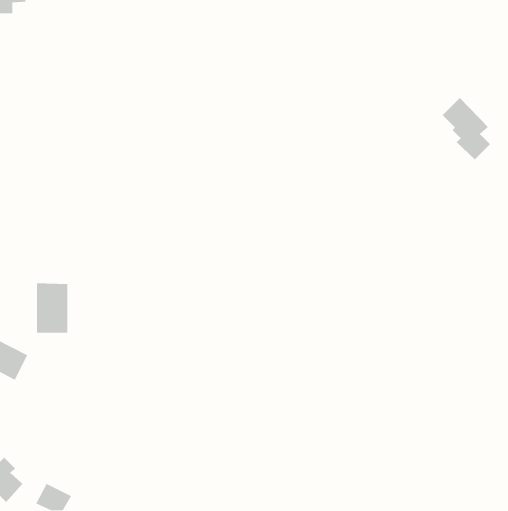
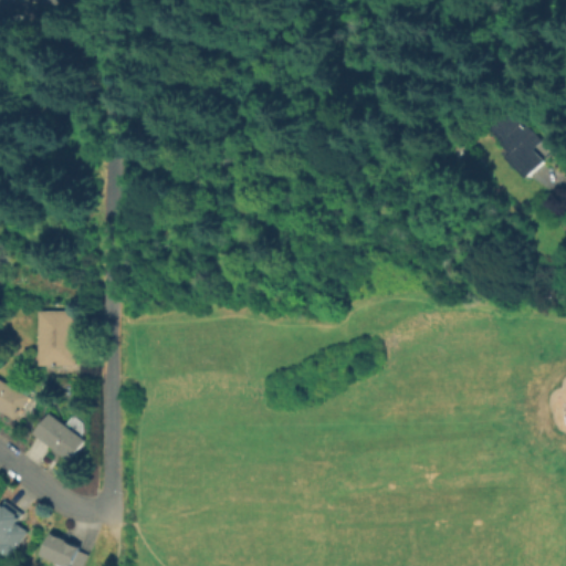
building: none -> [33,416,81,460]

